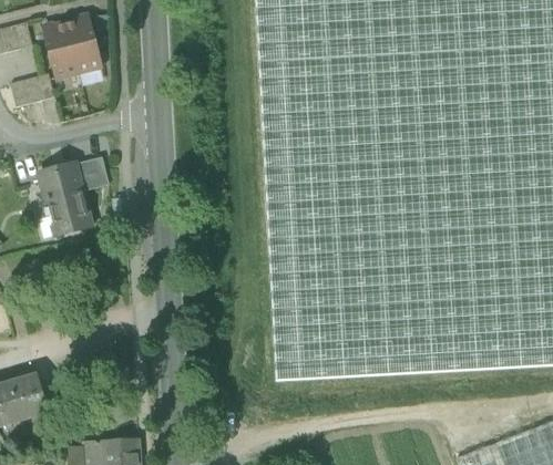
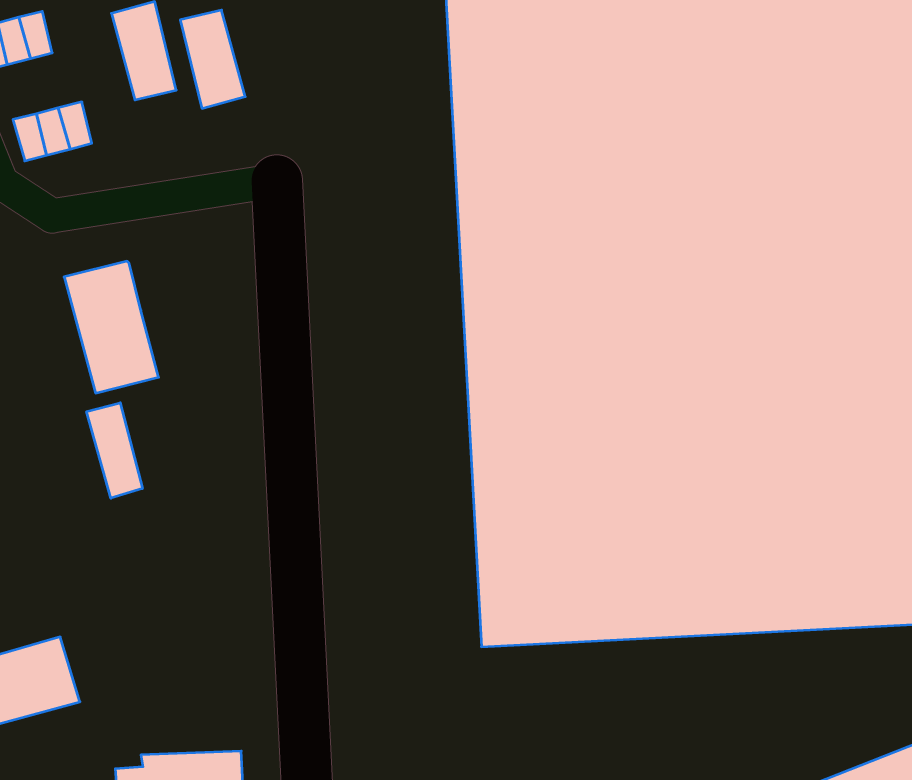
building: [43,23,80,79] -> [180,10,245,108]
building: [76,157,110,190] -> none
building: none -> [87,403,142,498]

